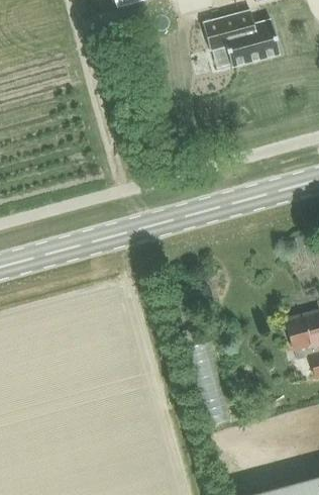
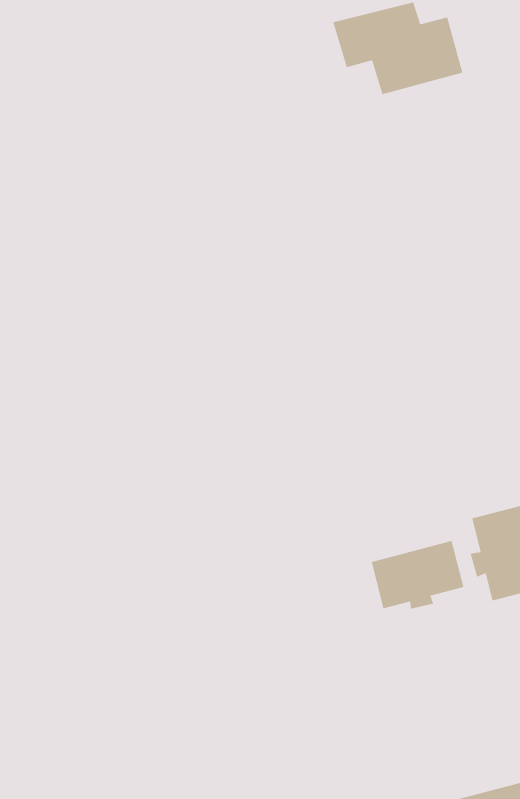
building: none -> [371,540,464,610]

